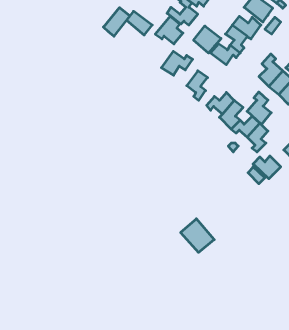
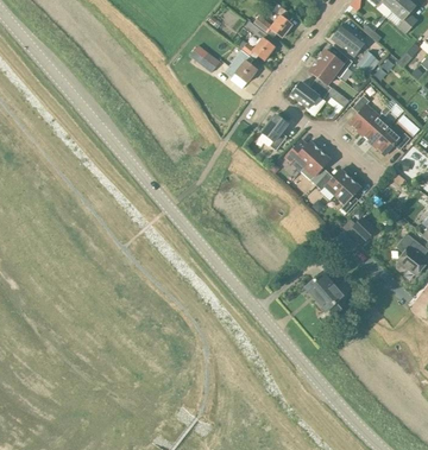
building: [103,8,130,36] -> none
building: [194,26,221,53] -> none
building: [161,51,193,75] -> none
building: [247,92,271,125] -> none
building: [181,219,214,252] -> [304,271,345,311]

